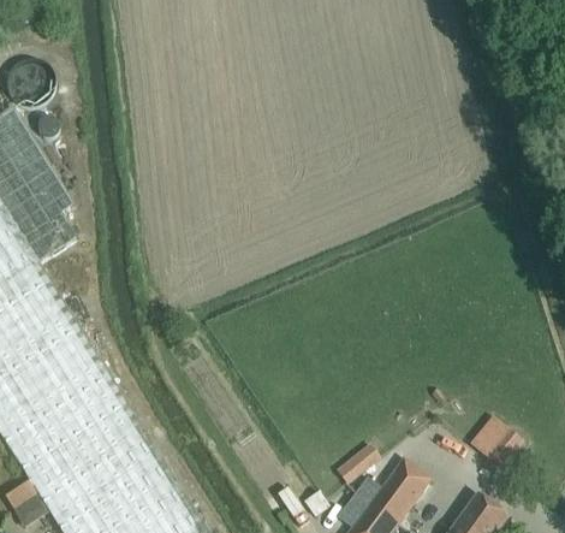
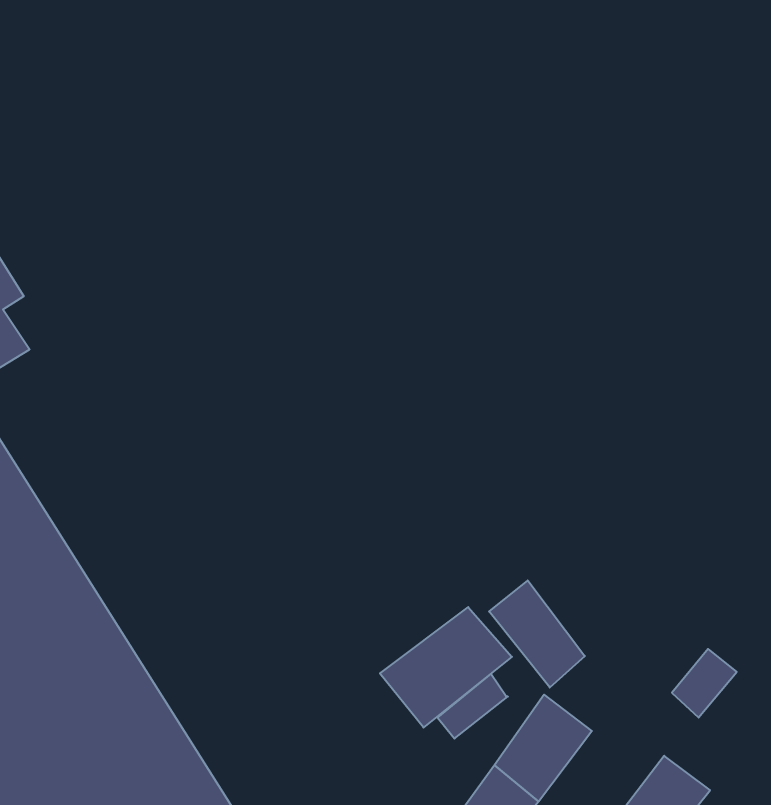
building: none -> [489,580,585,688]
building: none -> [380,607,512,728]

